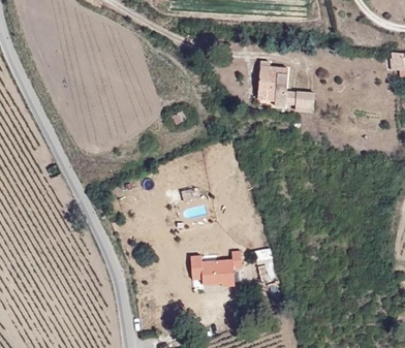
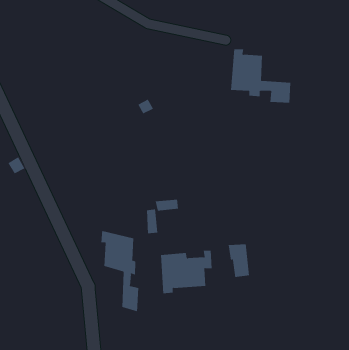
building: none -> [101,230,139,312]

